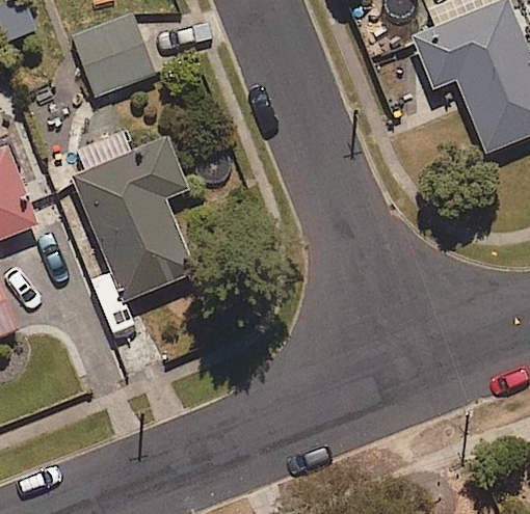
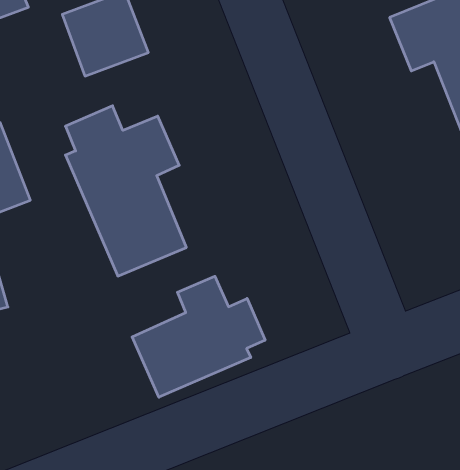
building: none -> [132,276,265,397]

